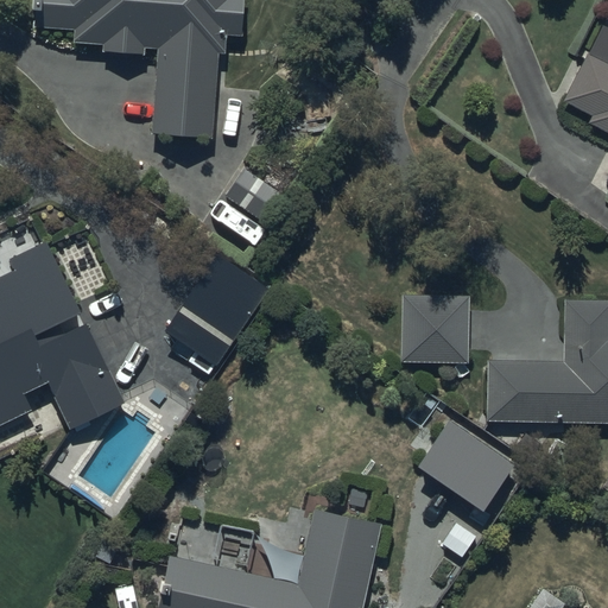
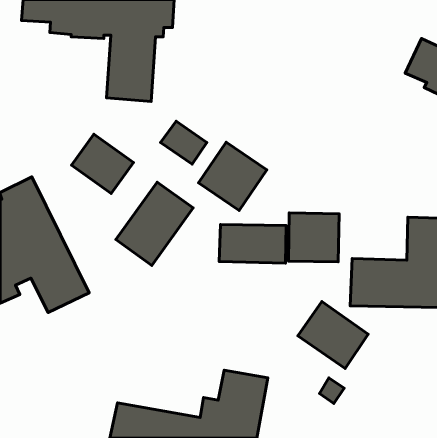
building: none -> [72,134,133,194]
building: none -> [199,142,267,210]
building: none -> [219,225,286,263]

